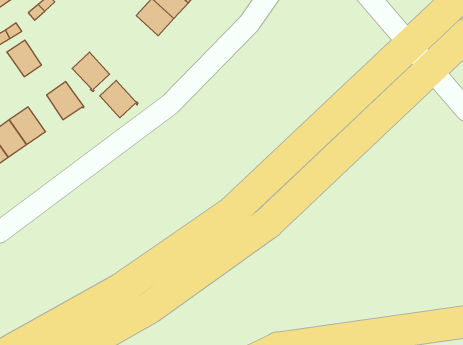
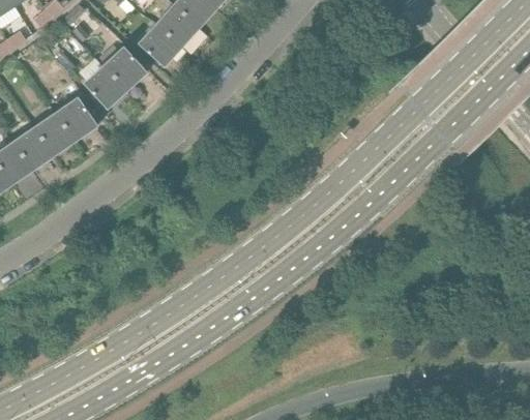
building: none -> [139,23,181,67]
building: [7,40,42,77] -> [34,113,73,154]
building: [100,80,138,118] -> [104,47,147,89]

